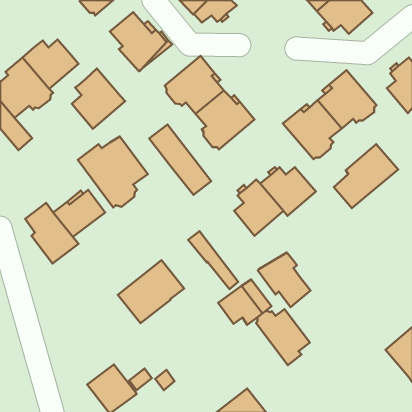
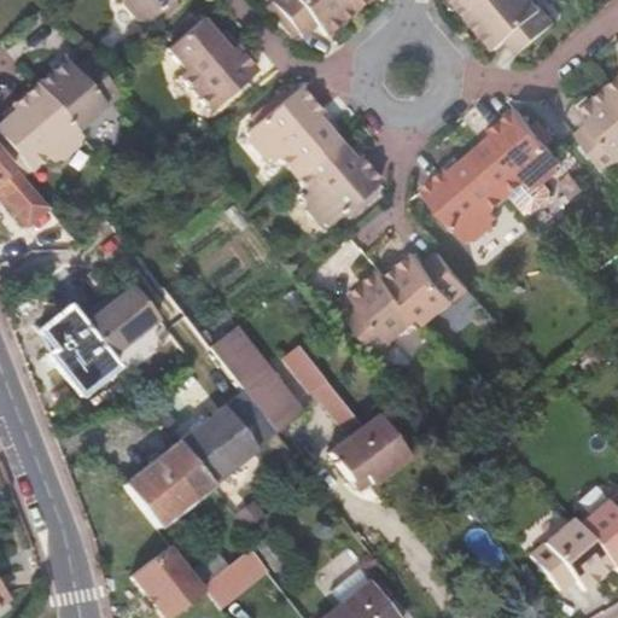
building: [72,68,125,129] -> none
building: [149,125,211,195] -> [210,327,303,432]
building: [78,137,148,207] -> none
building: [334,144,398,208] -> none
building: [258,253,310,307] -> none
building: none -> [124,442,211,527]
building: [256,309,310,365] -> none
building: none -> [530,518,612,590]

